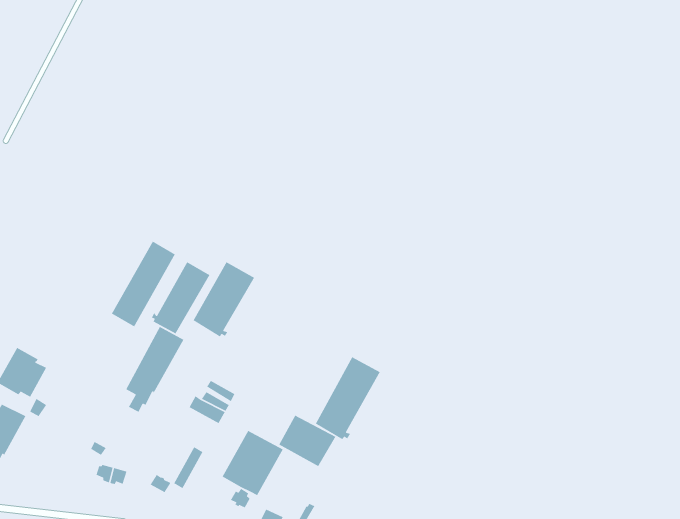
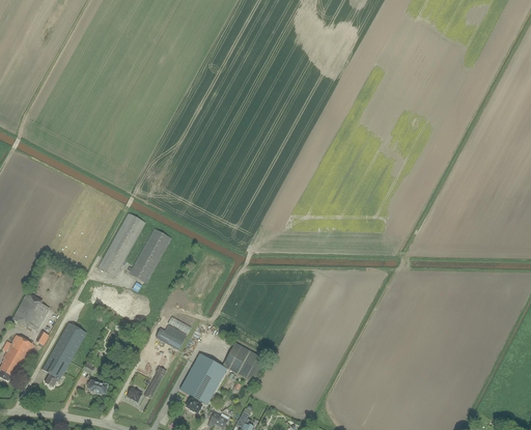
building: [193,261,255,337] -> none
building: [125,326,185,413] -> [41,321,86,386]
building: [315,356,381,440] -> none

